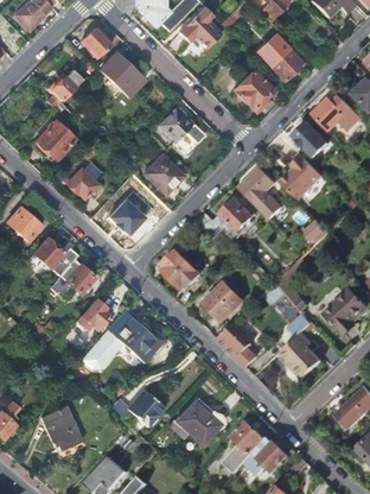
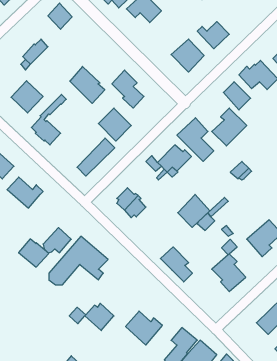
building: [101,51,143,96] -> [70,66,105,103]
building: [58,259,95,293] -> [19,239,49,267]
building: [206,280,245,321] -> [178,194,210,227]
building: [40,406,81,449] -> none

